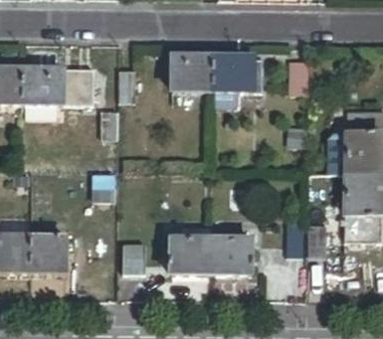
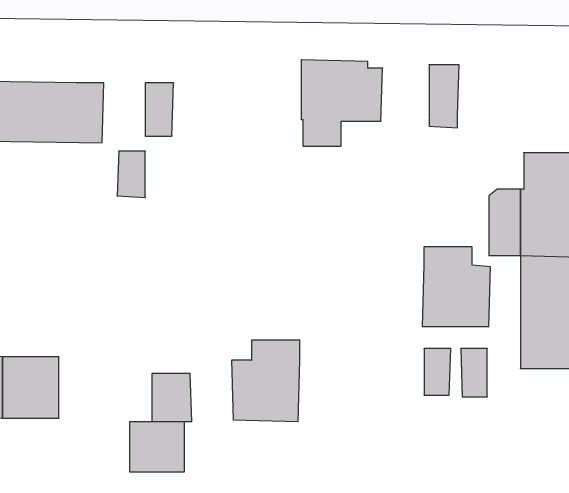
building: [172,55,212,92] -> none
building: [210,226,251,275] -> [422,247,490,327]
building: none -> [130,422,184,472]

